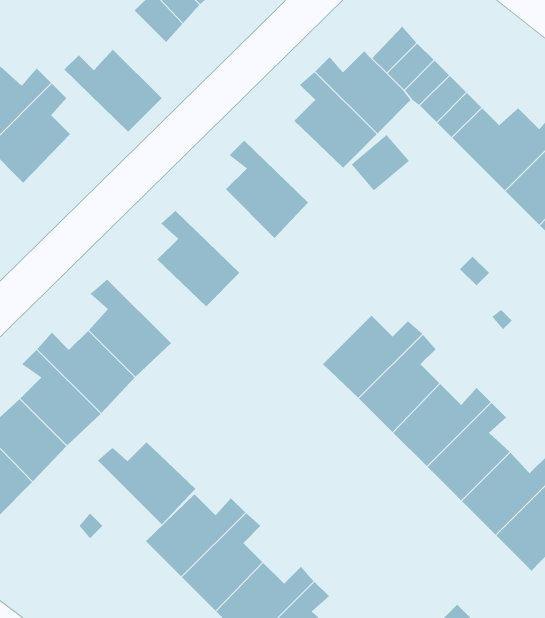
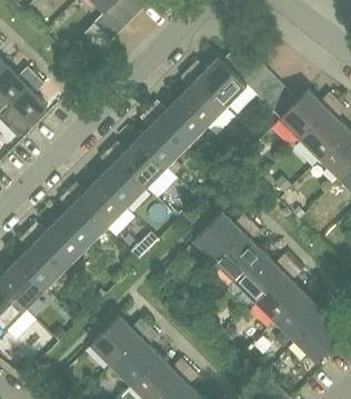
building: [63,49,162,132] -> [108,139,166,188]
building: none -> [148,99,205,147]
building: [97,441,196,525] -> [68,180,126,229]

